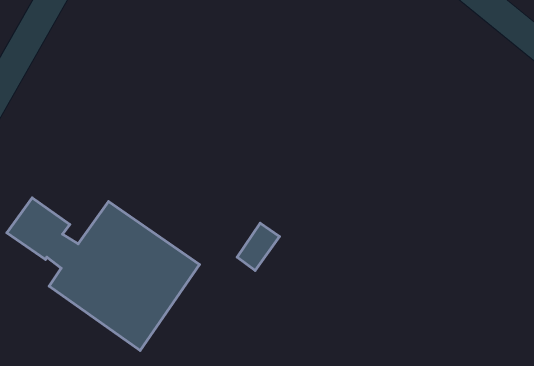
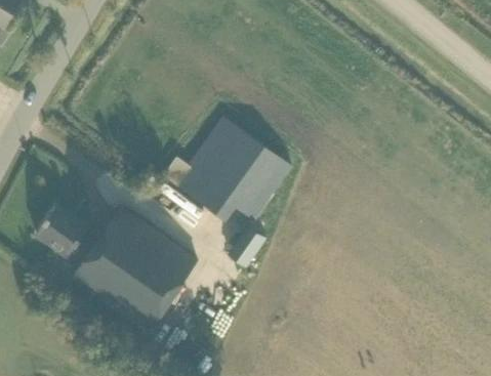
building: none -> [163,117,292,219]

